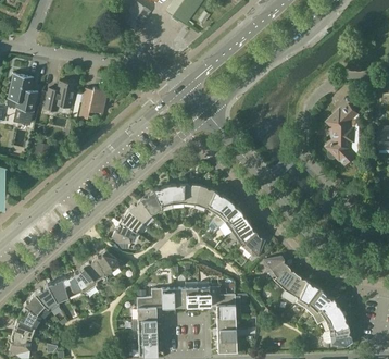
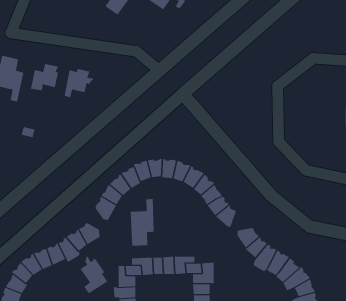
building: [327,104,357,163] -> none
building: none -> [130,198,154,247]
building: none -> [80,255,108,294]

